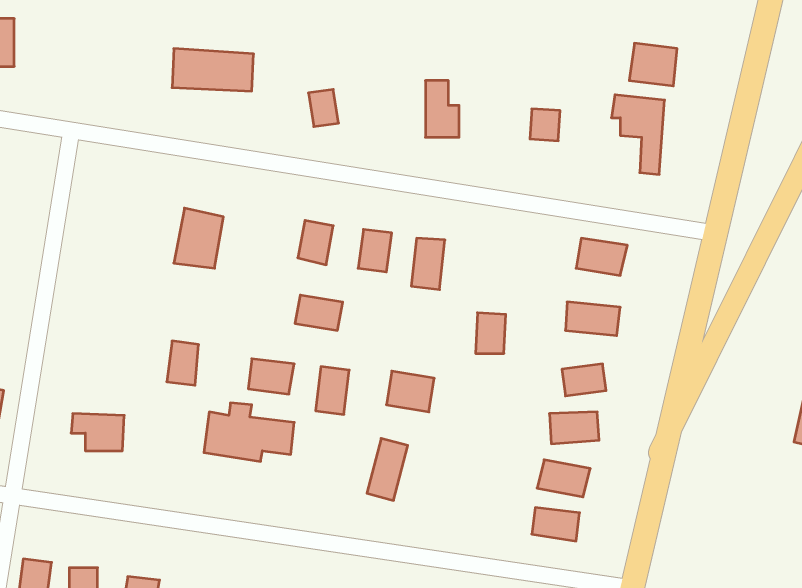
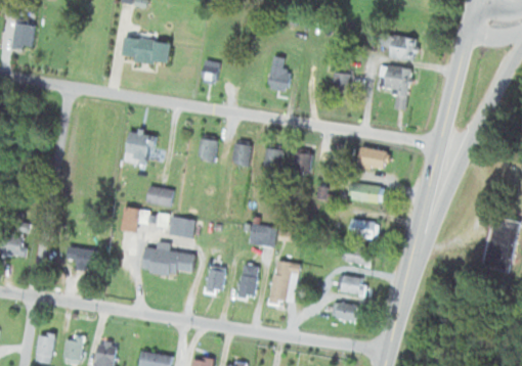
building: [295,295,343,330] -> [145,186,173,207]
building: [476,313,506,353] -> [294,150,311,174]
building: [316,367,349,414] -> [206,266,225,293]
building: none -> [271,262,297,303]

